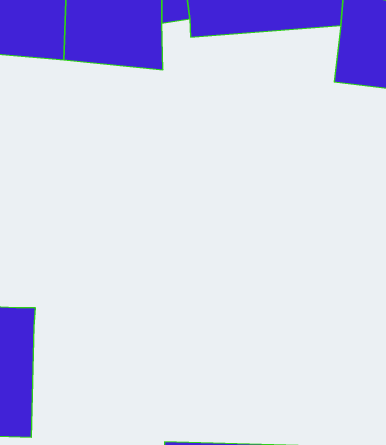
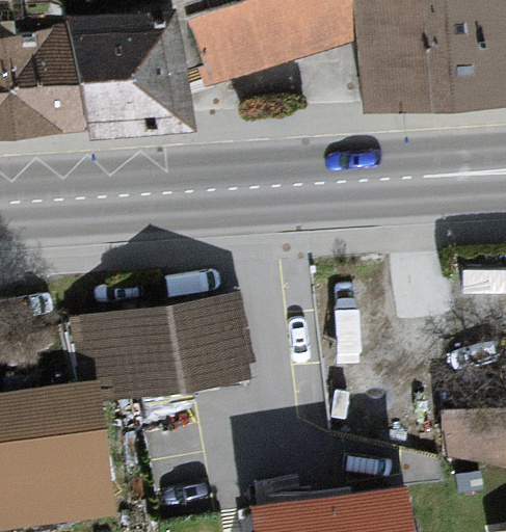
building: none -> [70,295,249,403]

